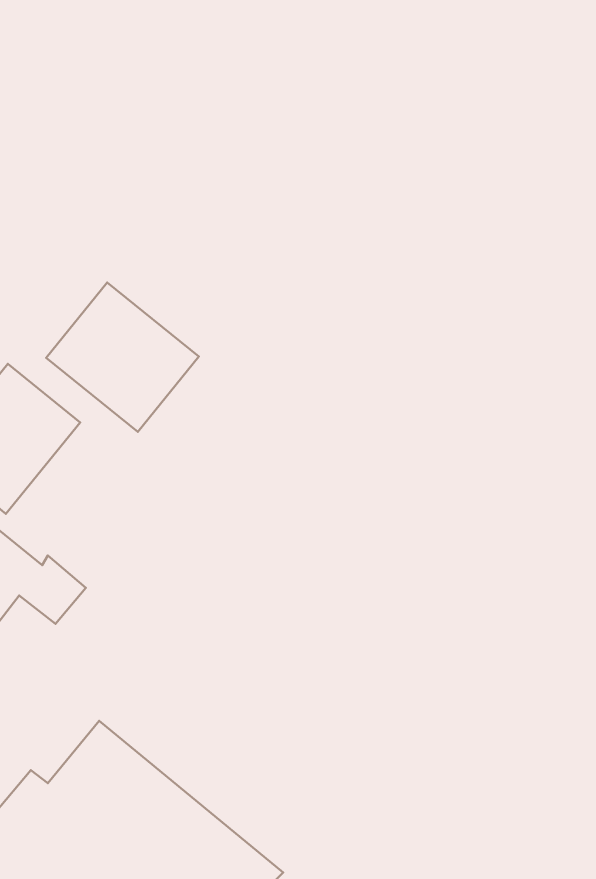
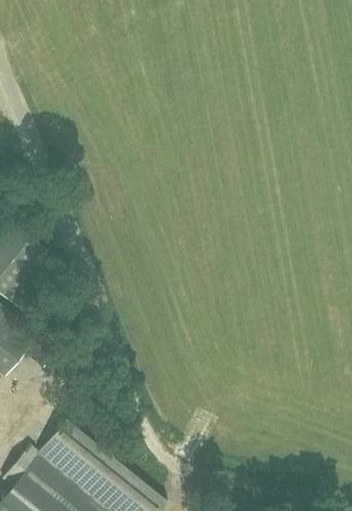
building: [46,282,199,432] -> none

